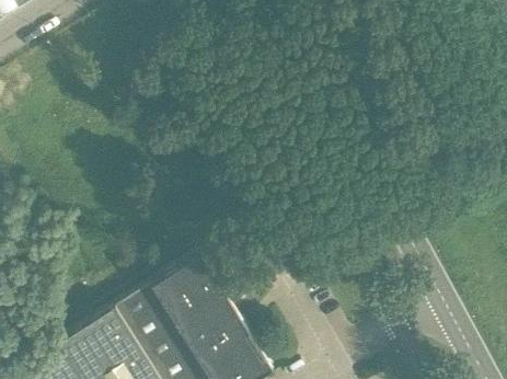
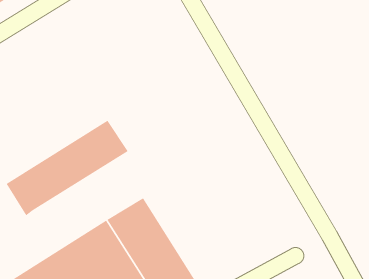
building: none -> [6,120,128,216]

